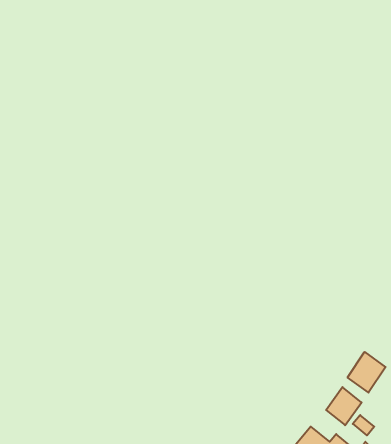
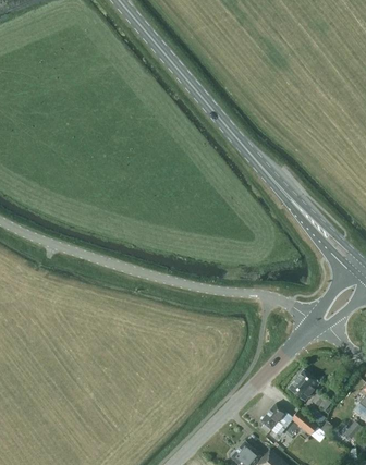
building: [348,352,386,393] -> none

